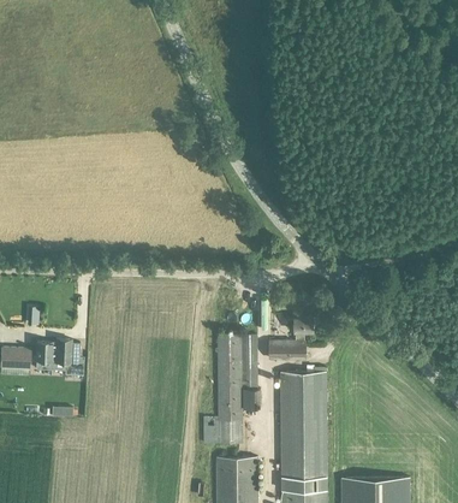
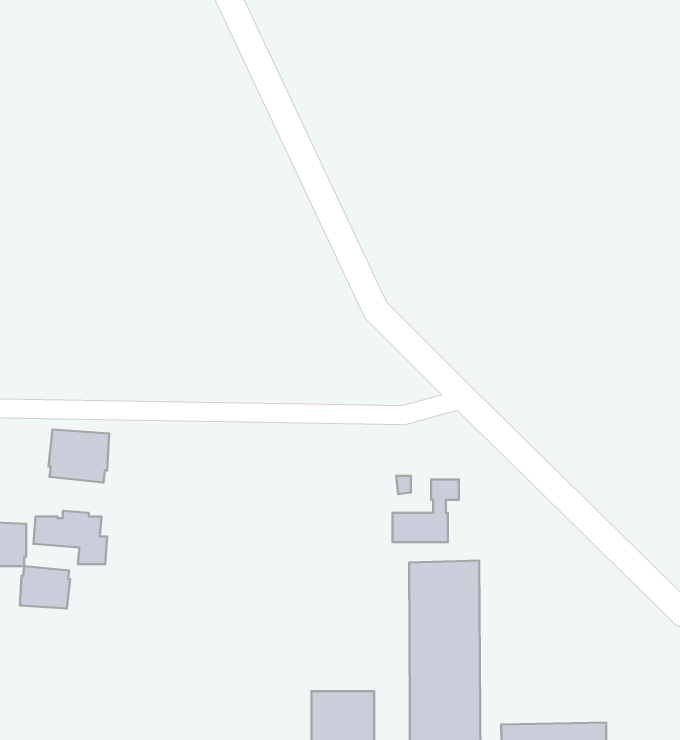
building: none -> [49,430,109,482]
building: [203,333,261,443] -> none
building: none -> [20,566,70,609]

